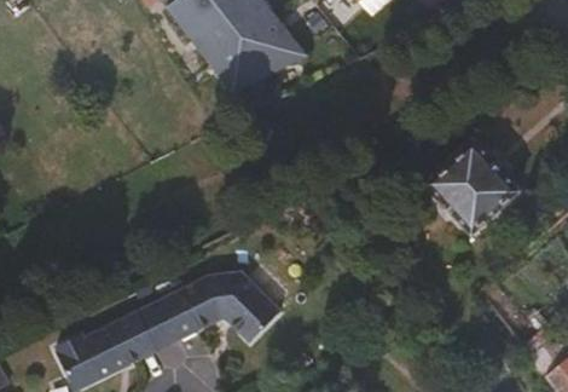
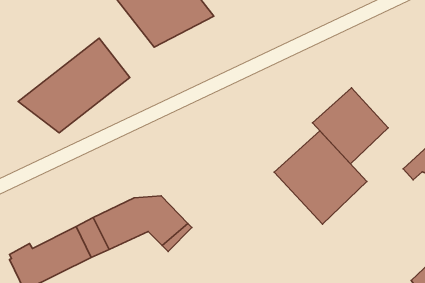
building: none -> [18,38,130,133]
building: none -> [274,131,367,224]

